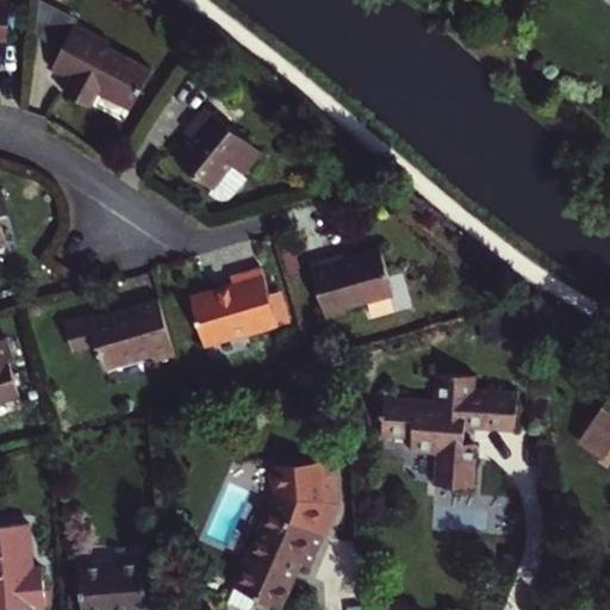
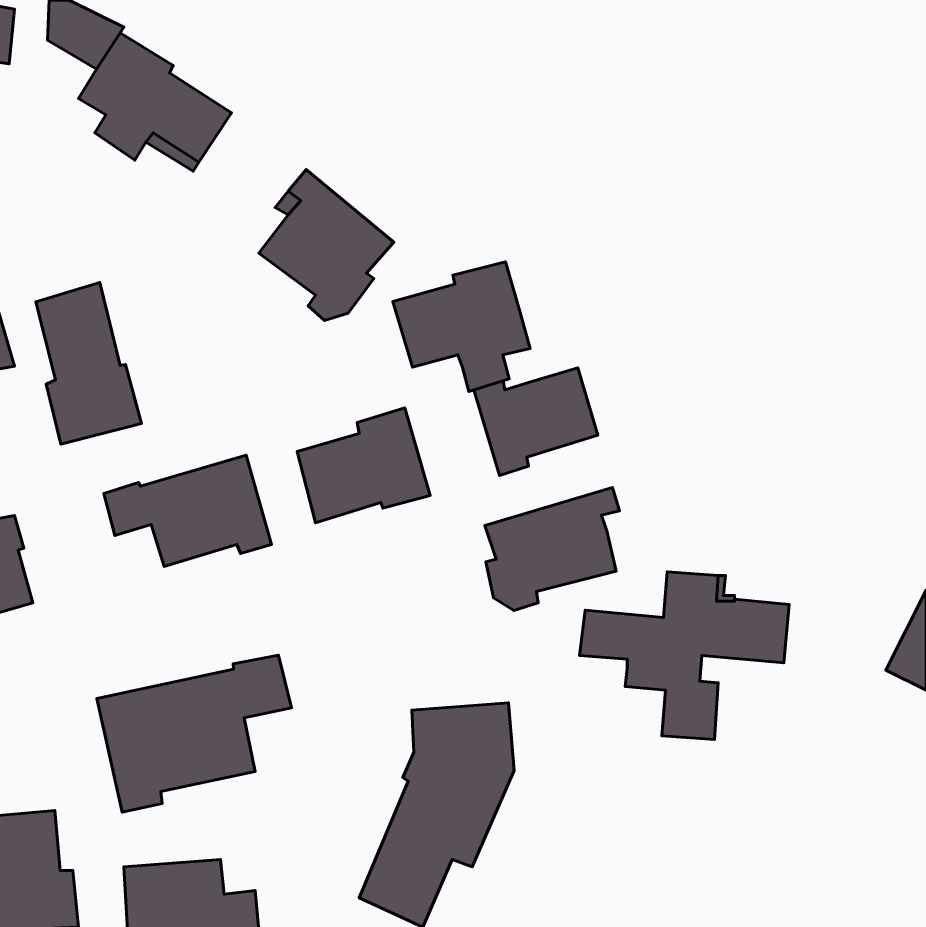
building: none -> [393,262,530,391]
building: none -> [36,282,141,444]
building: none -> [485,487,619,611]
building: none -> [97,655,291,812]

